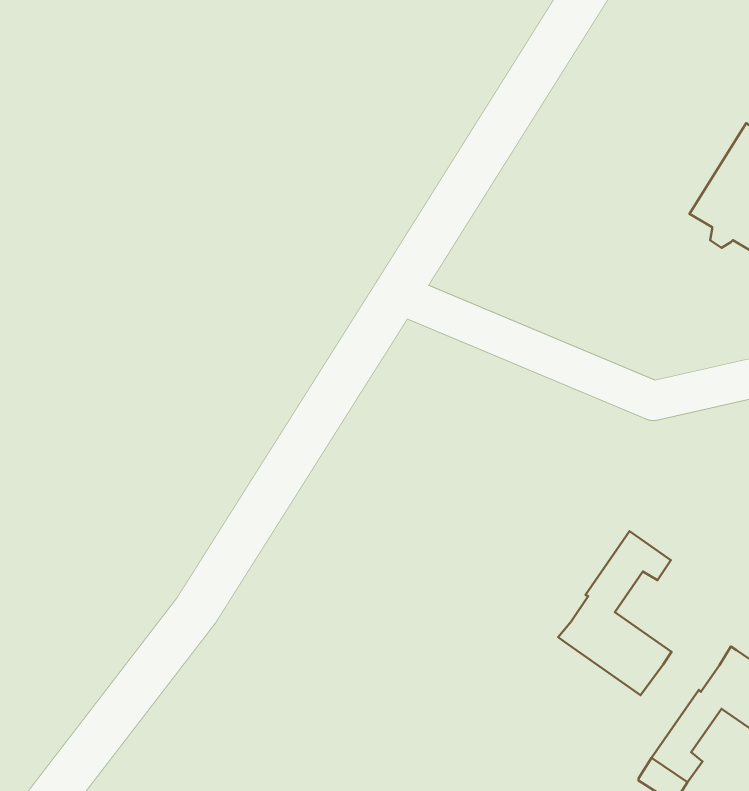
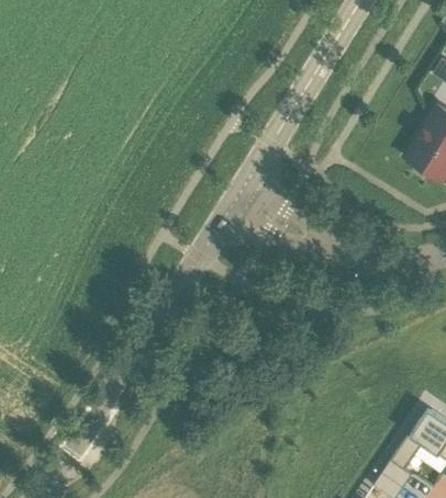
building: [558,531,672,695] -> none

